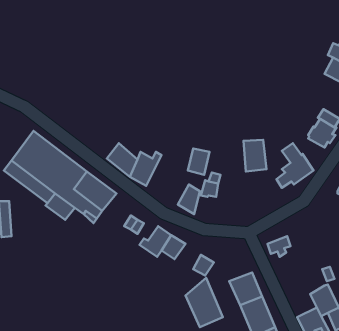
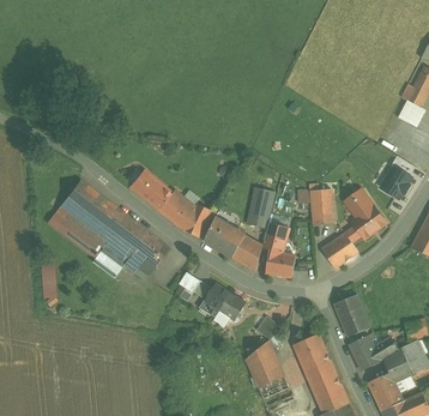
building: none -> [131,171,173,210]
building: none -> [206,219,249,260]
building: none -> [324,233,358,269]
building: none -> [266,251,296,278]
building: none -> [339,306,369,337]
building: none -> [350,336,398,370]

